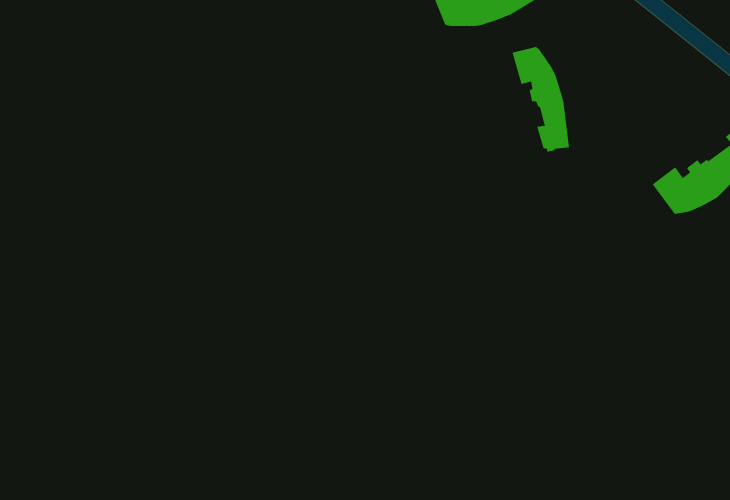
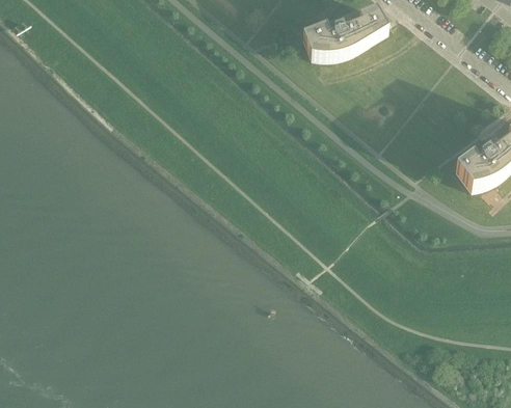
building: [512,46,570,152] -> none

